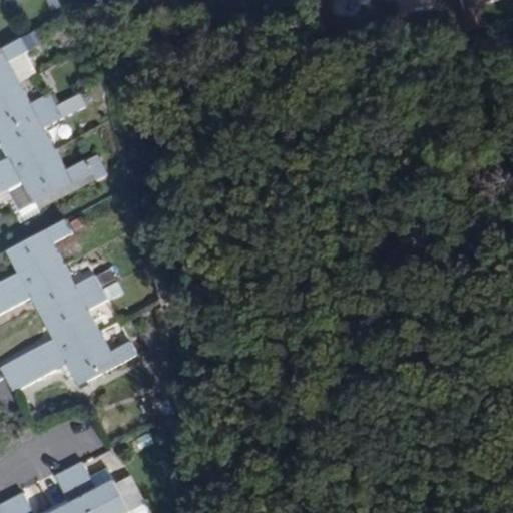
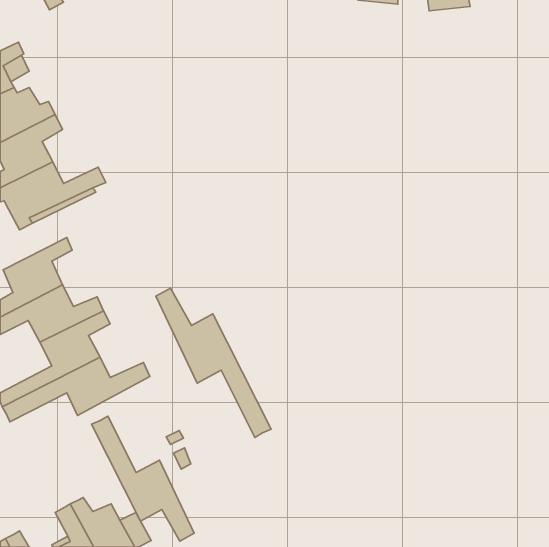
building: none -> [156,288,271,437]
building: none -> [92,416,194,541]

